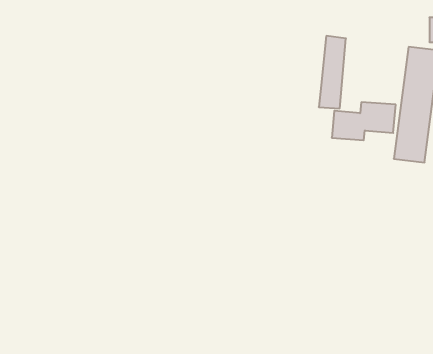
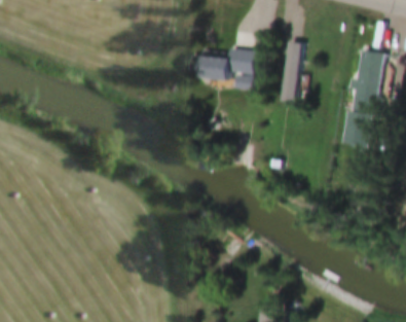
building: [332,102,396,140] -> [202,48,256,80]

